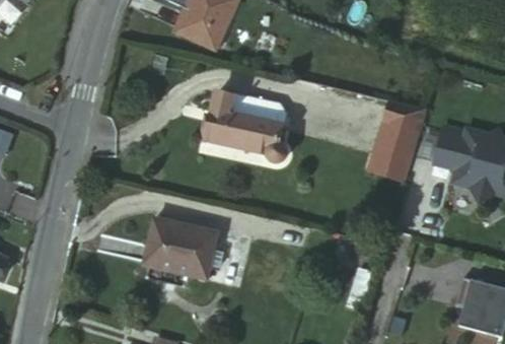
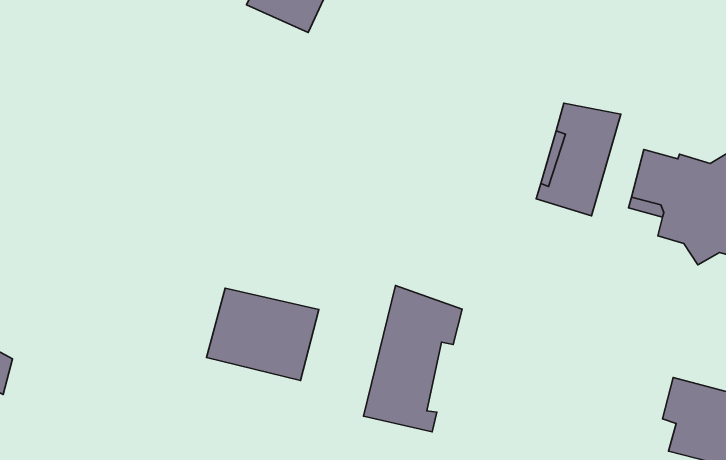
building: [202,88,289,165] -> none
building: none -> [364,286,462,432]

